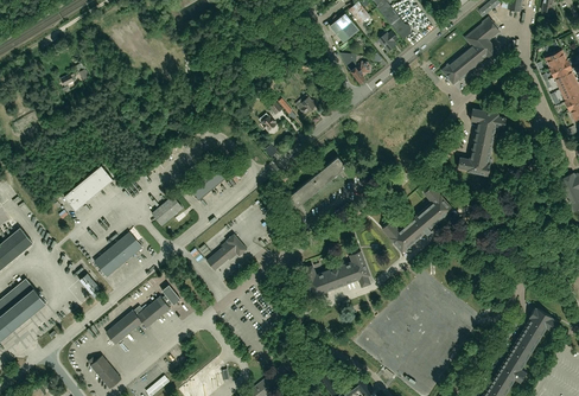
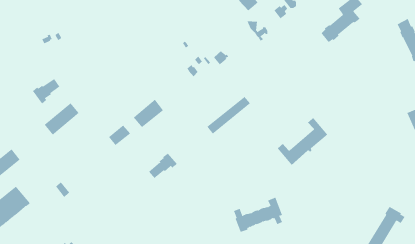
building: [457,109,505,175] -> none
building: none -> [32,78,60,105]
building: [94,232,142,277] -> none
building: [303,250,370,299] -> [233,197,283,233]
building: [106,286,180,345] -> none

